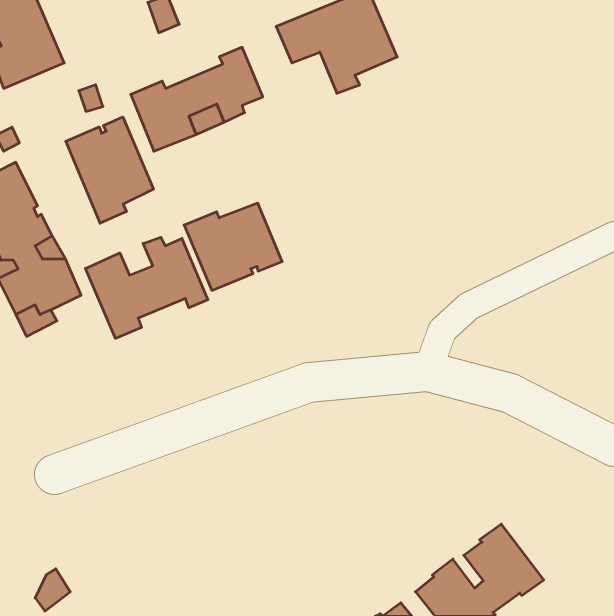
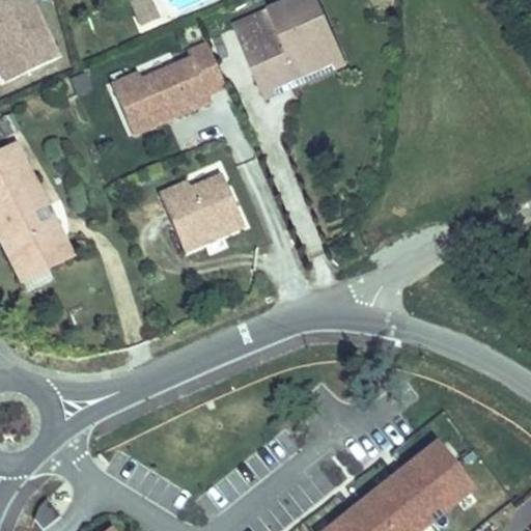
building: none -> [250,45,346,96]
building: [66,117,153,223] -> none
building: [85,237,208,338] -> none

